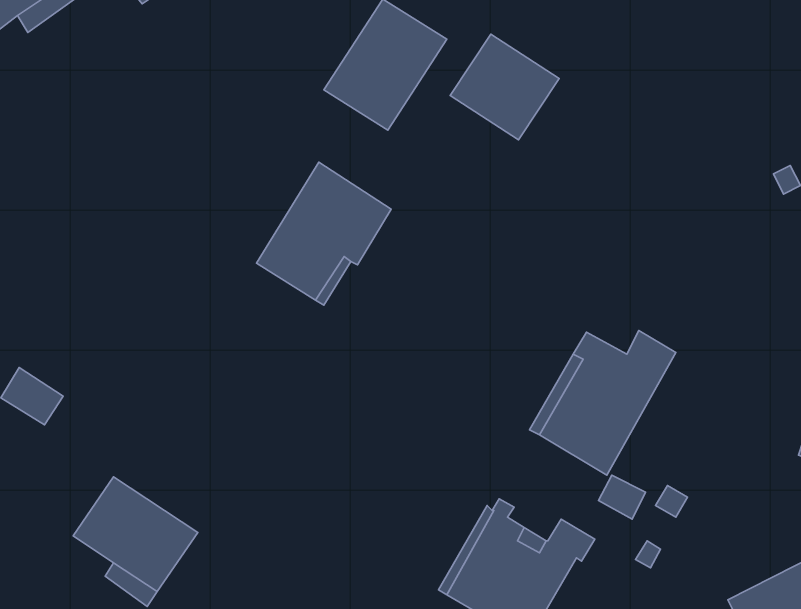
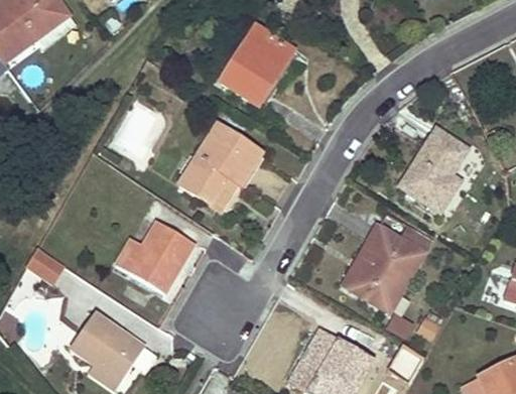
building: [450,34,559,140] -> none
building: none -> [399,129,467,212]
building: none -> [115,221,194,293]

